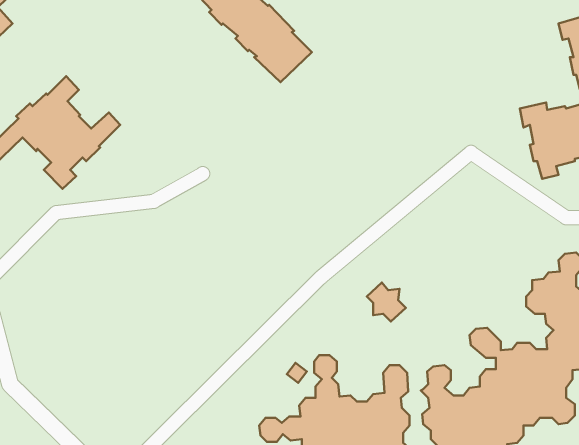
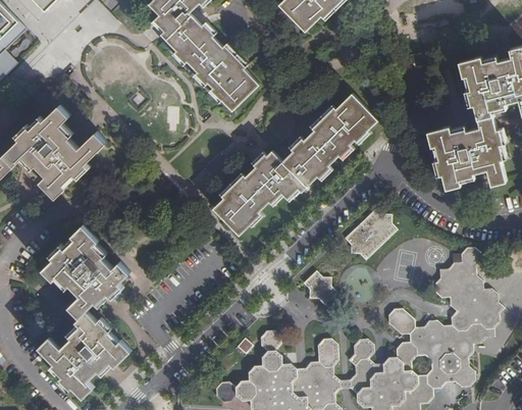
building: none -> [214,94,377,233]
building: none -> [345,210,396,260]
building: none -> [39,226,130,398]

